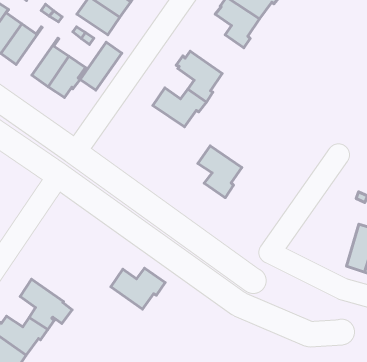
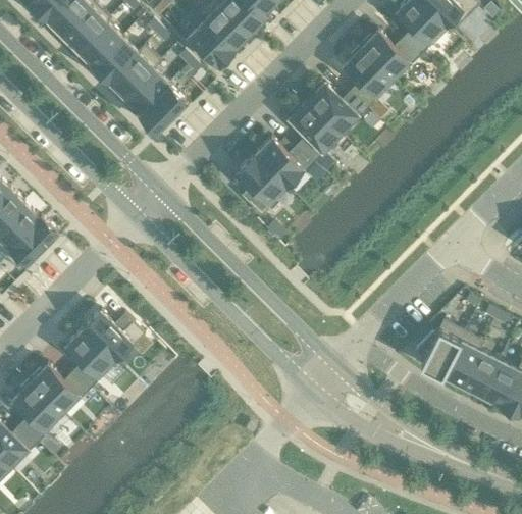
building: none -> [306,85,367,135]
building: [80,42,122,90] -> [107,47,159,99]
building: [198,146,242,198] -> [236,157,284,218]
building: none -> [414,322,462,377]
building: [111,268,165,309] -> [82,312,144,361]

